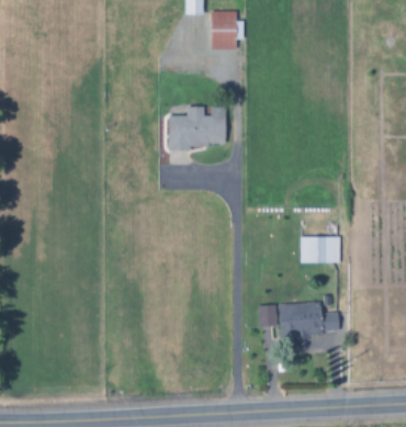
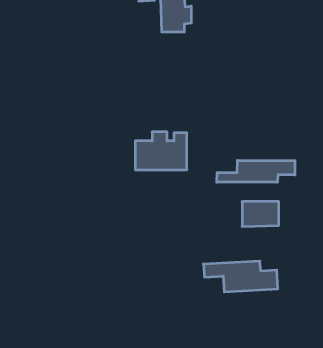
building: [168,105,225,147] -> [135,132,187,170]
building: none -> [217,160,295,182]

